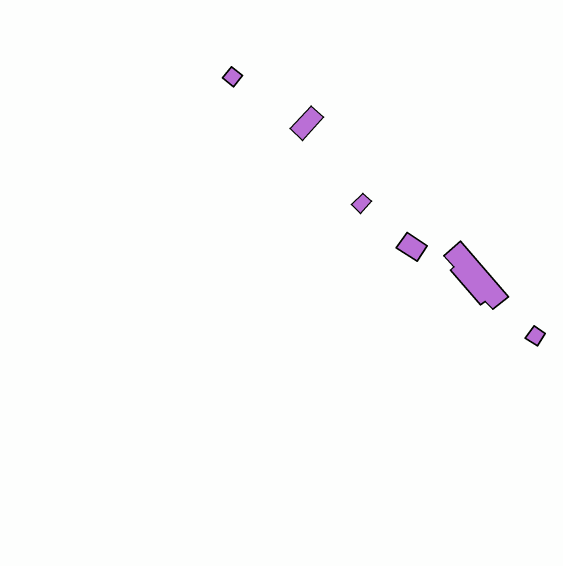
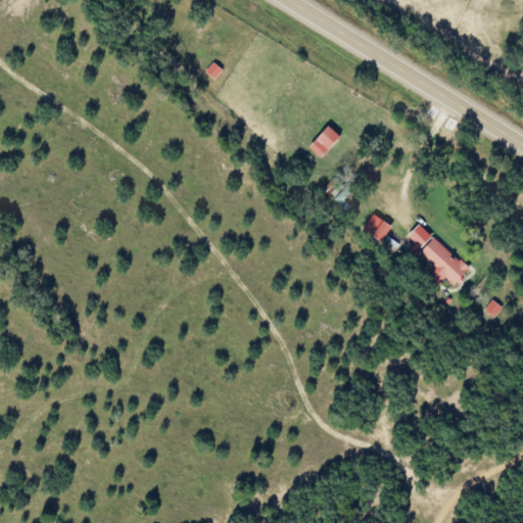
building: [290,106,324,141] -> [311,126,341,157]

